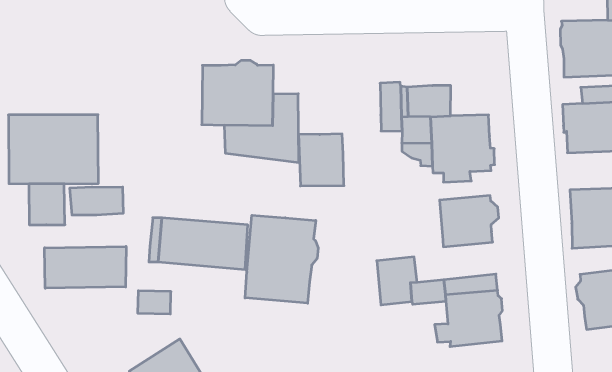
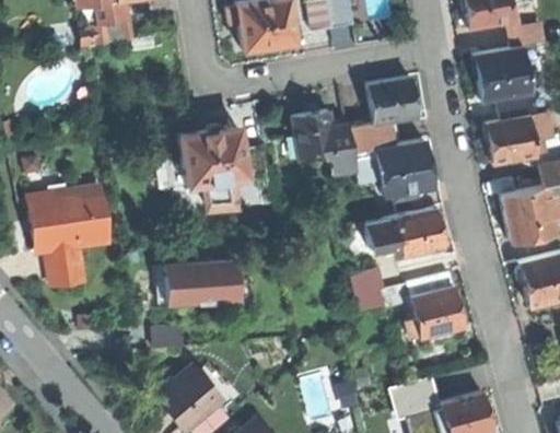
building: none -> [369,79,419,124]
building: [299,134,344,186] -> [292,112,336,160]
building: [70,187,123,215] -> none
building: none -> [364,218,402,253]
building: [245,215,318,303] -> none
building: [45,246,126,288] -> none

